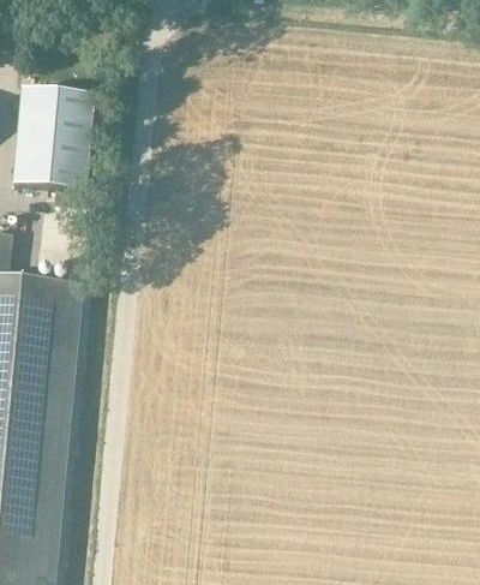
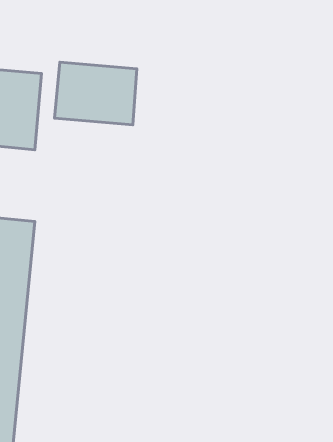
building: none -> [55,62,137,125]

